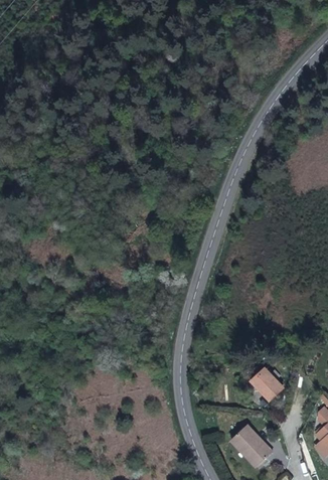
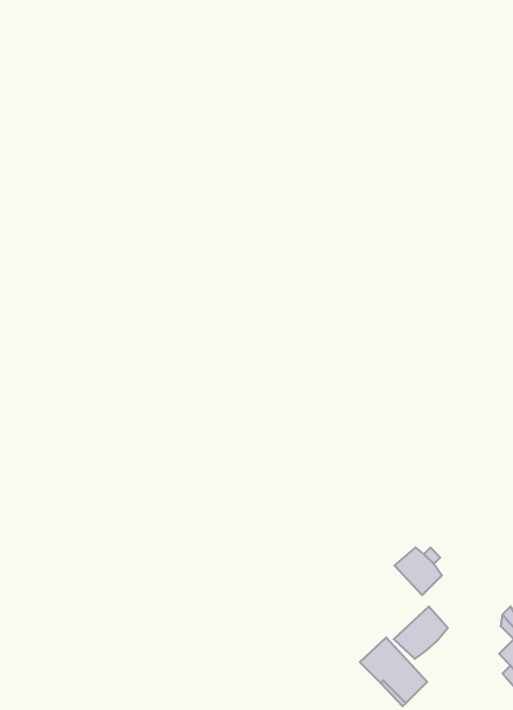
building: none -> [394,606,448,659]

